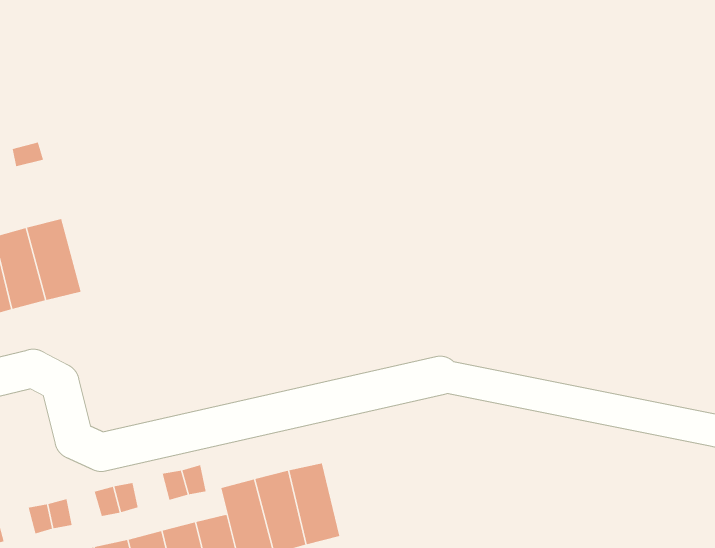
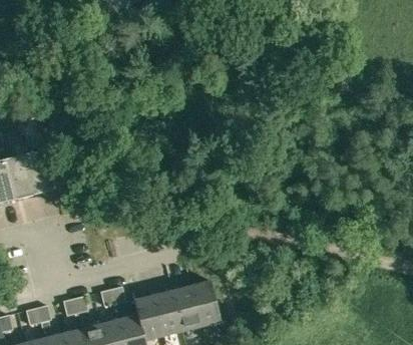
building: none -> [190,280,220,326]

